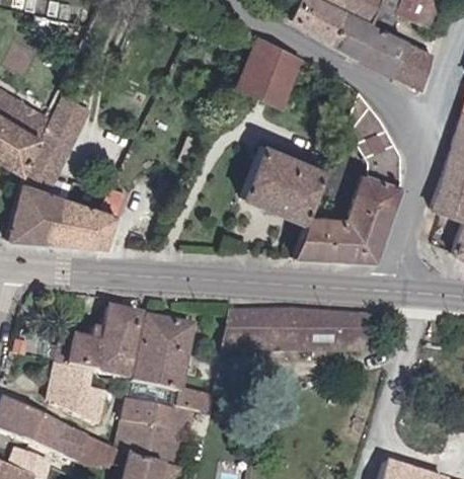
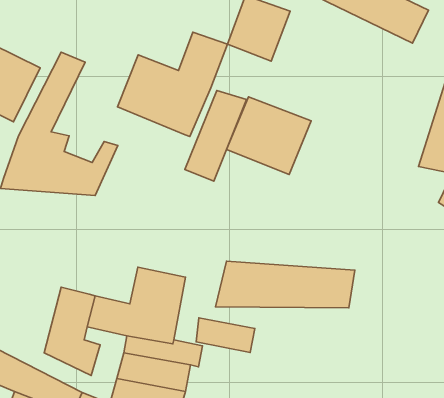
building: none -> [117,32,227,137]
building: [292,91,401,262] -> none
building: none -> [185,91,246,181]
building: [95,306,145,352] -> none
building: none -> [196,318,255,352]

